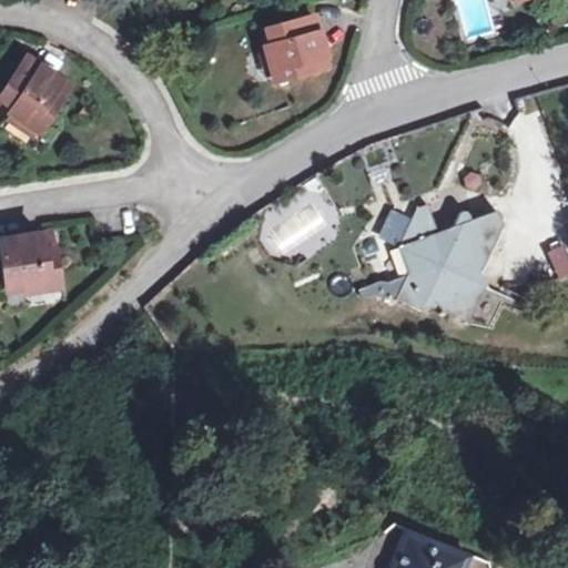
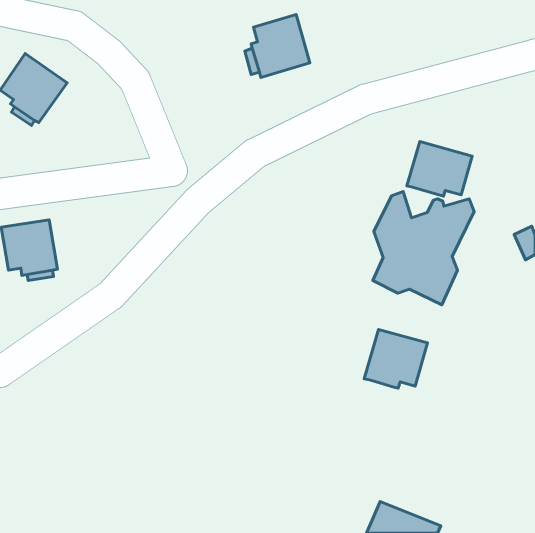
building: none -> [407,142,472,196]
building: none -> [364,329,428,388]

